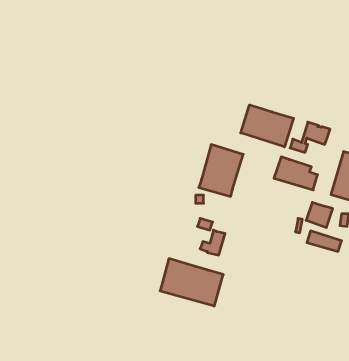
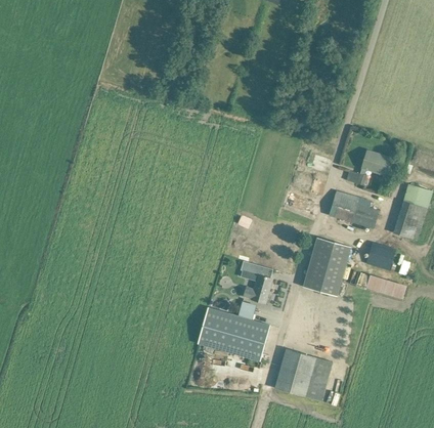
building: [241,105,294,147] -> none
building: [199,145,243,196] -> [302,237,353,296]
building: none -> [275,349,333,401]

